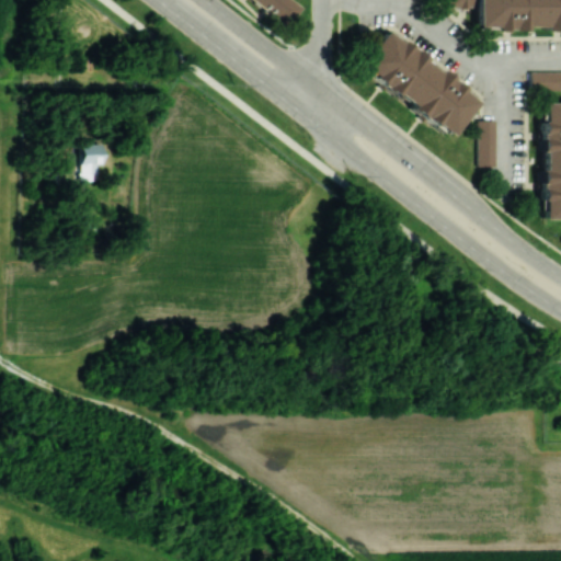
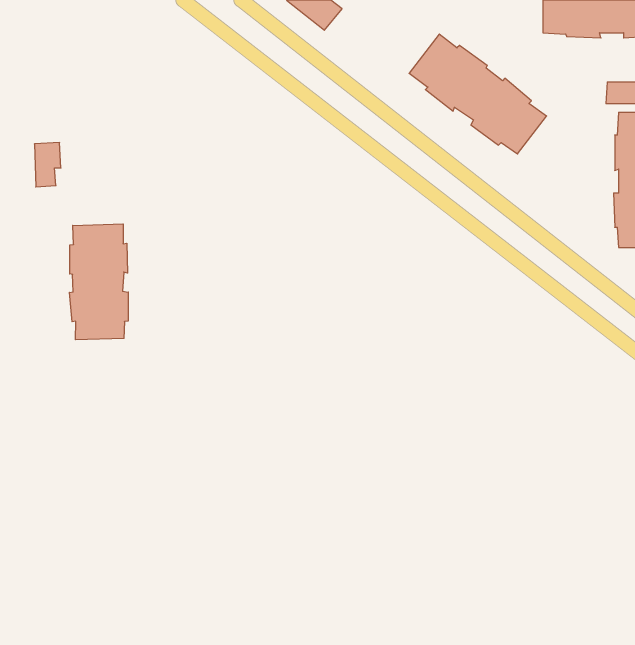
building: [482,119,501,167] -> none
building: [84,142,107,181] -> [34,143,61,187]
building: none -> [69,224,128,340]

